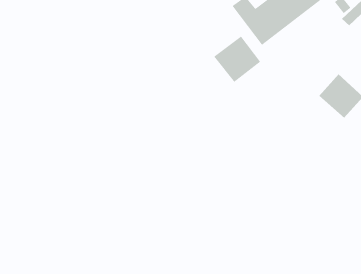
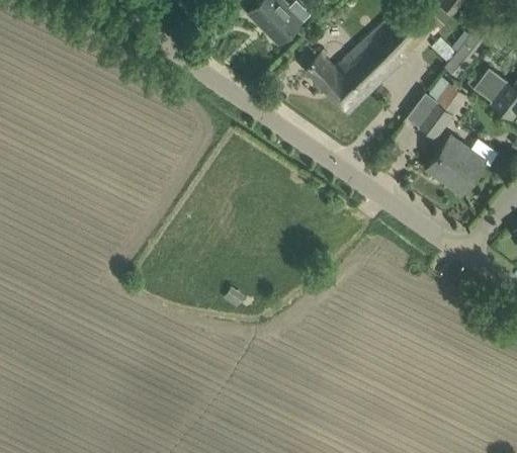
building: none -> [418,84,465,138]
building: [213,35,261,83] -> none

